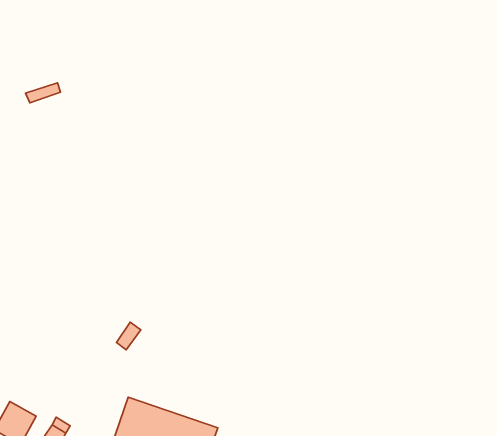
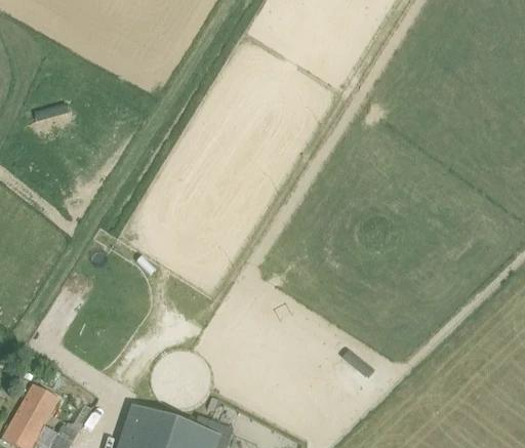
building: none -> [16,385,57,426]

